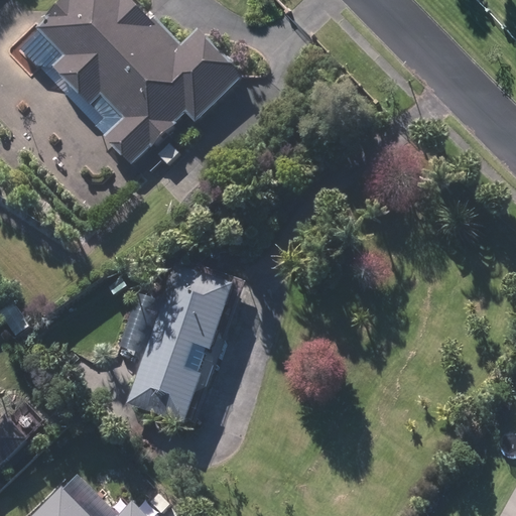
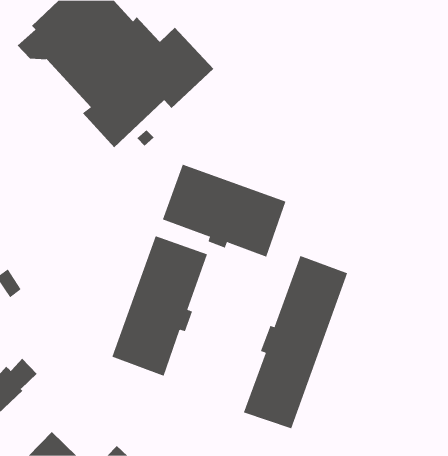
building: none -> [162,164,286,258]
building: none -> [243,255,348,429]

